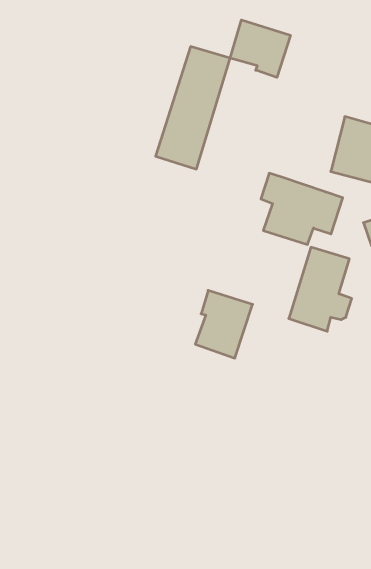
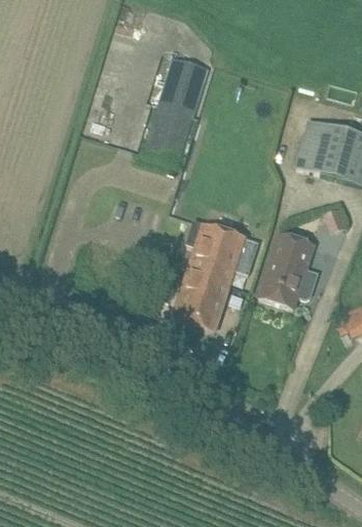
building: [230,20,290,77] -> none
building: [261,173,343,244] -> [187,220,259,283]

